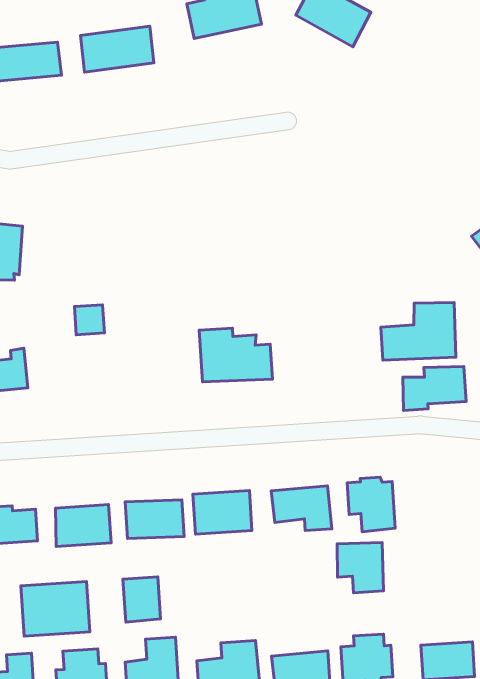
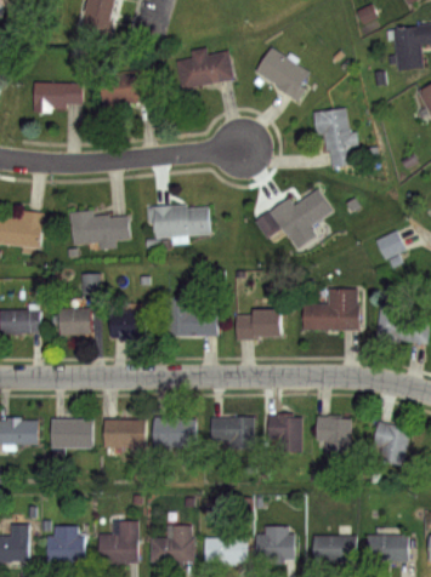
building: none -> [311,108,356,167]
building: none -> [251,189,329,248]
building: none -> [147,205,214,248]
building: none -> [72,210,131,248]
building: none -> [62,308,93,336]
building: none -> [113,312,147,337]
building: [403,366,466,410] -> [238,309,284,339]
building: [337,543,383,593] -> [313,416,347,452]
building: [123,577,161,622] -> none
building: [21,582,90,636] -> none

